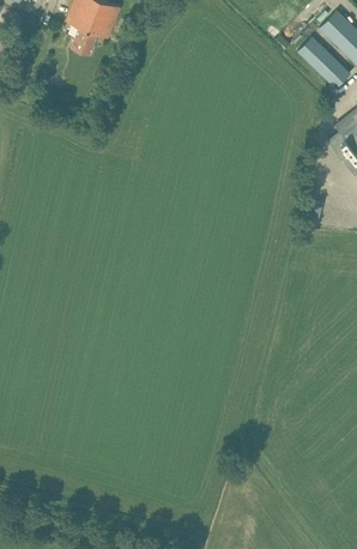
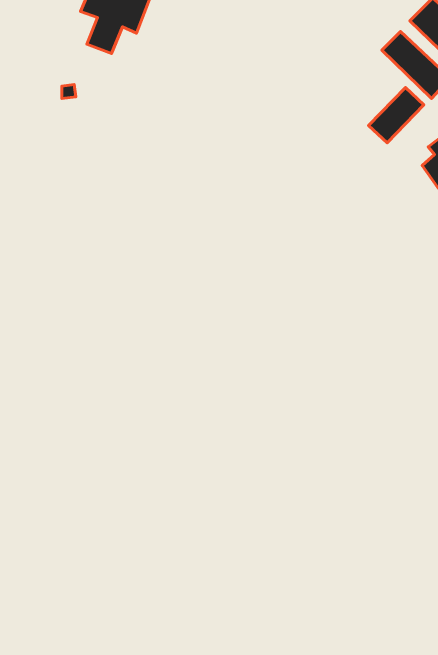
building: none -> [369,87,424,143]

